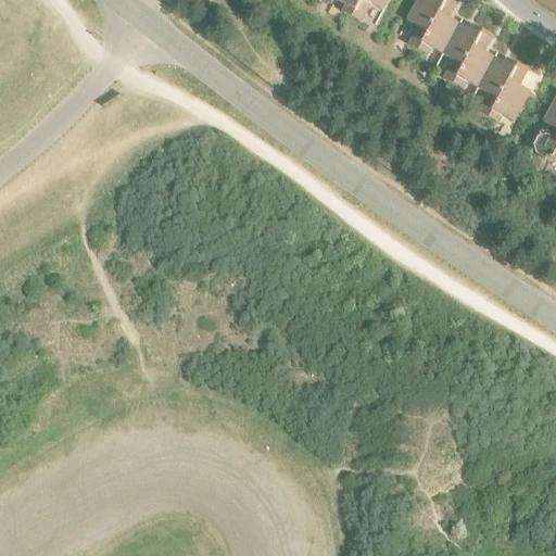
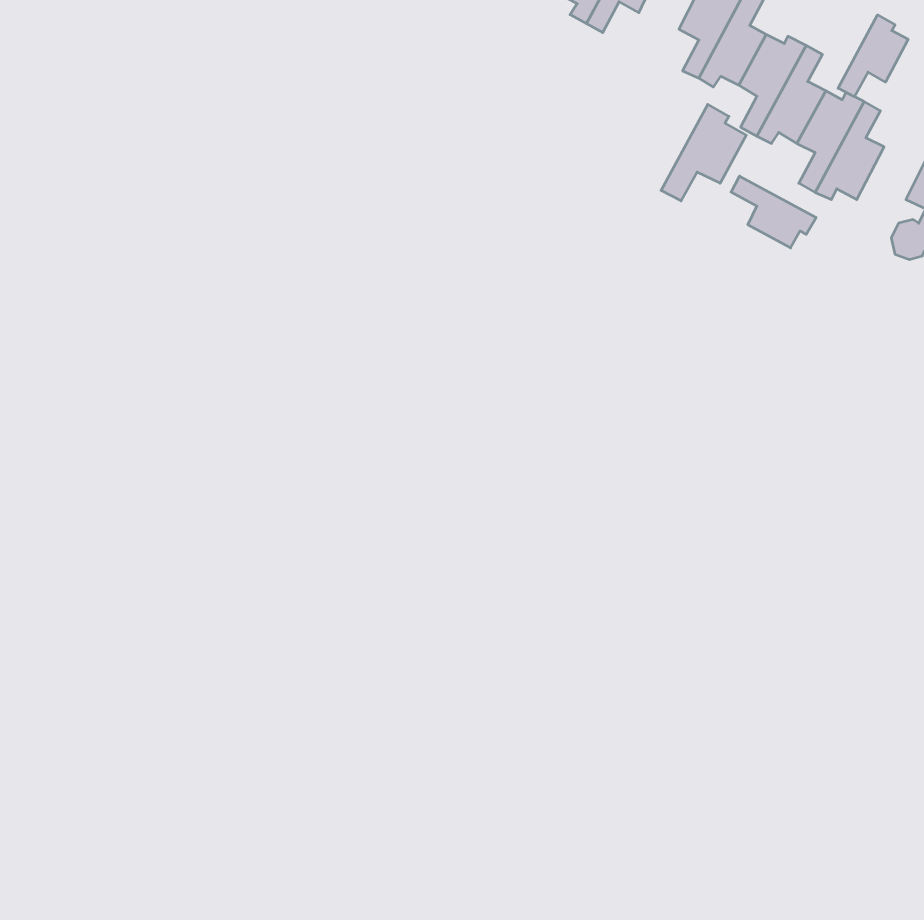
building: none -> [838,15,908,97]
building: none -> [661,104,746,201]
building: none -> [731,176,816,248]

